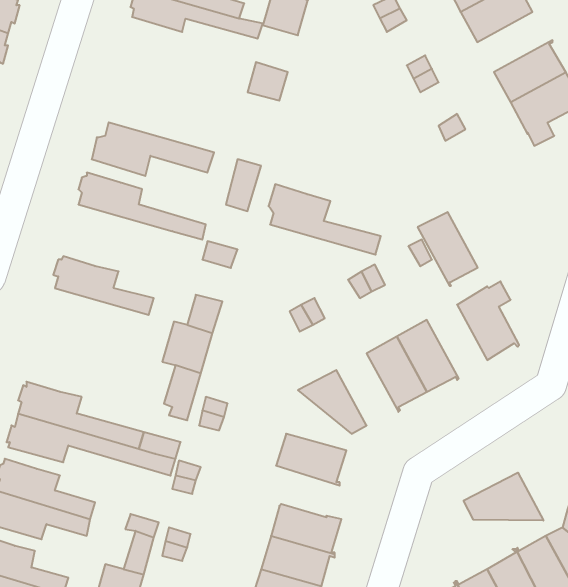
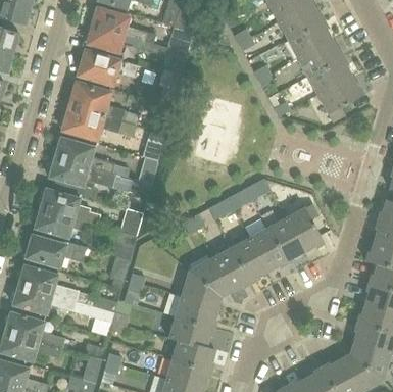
building: none -> [298,40,344,77]
building: none -> [79,51,138,85]
building: [268,184,381,255] -> [72,83,141,126]
building: none -> [48,157,112,187]
building: [418,212,478,286] -> [267,218,304,263]
building: none -> [33,208,98,238]
building: none -> [24,236,87,267]
building: none -> [212,248,250,292]
building: none -> [182,271,222,307]
building: none -> [169,316,214,348]
building: [464,473,543,521] -> none

